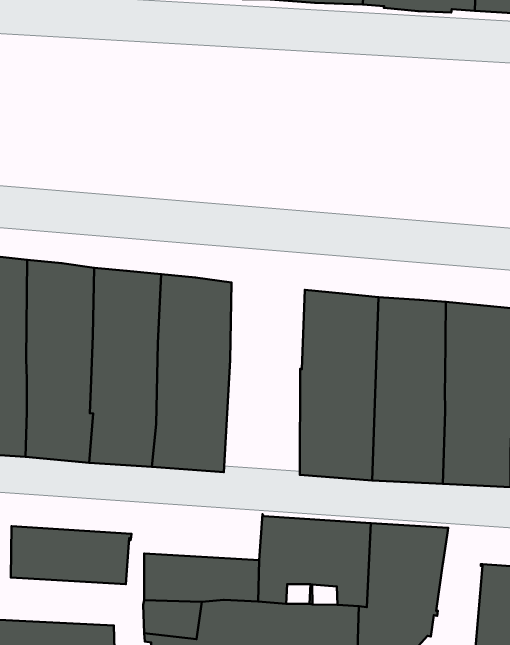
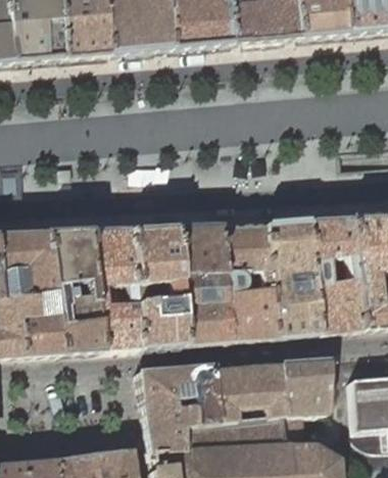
building: none -> [172,225,231,344]
building: [11,526,132,584] -> [138,364,213,401]

